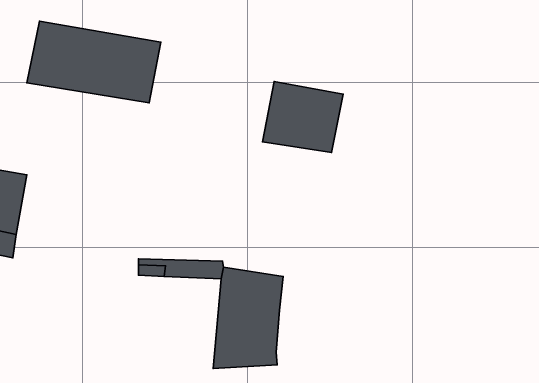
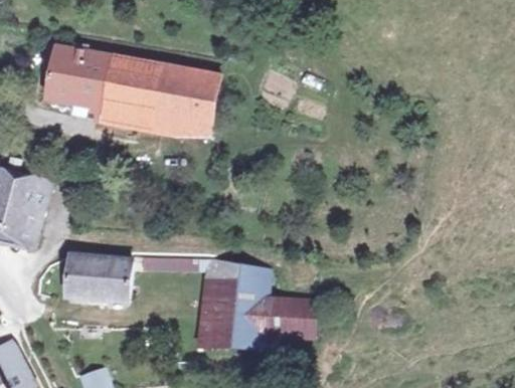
building: [263,81,343,152] -> [152,65,221,127]
building: none -> [68,257,132,299]
building: none -> [262,297,317,335]

